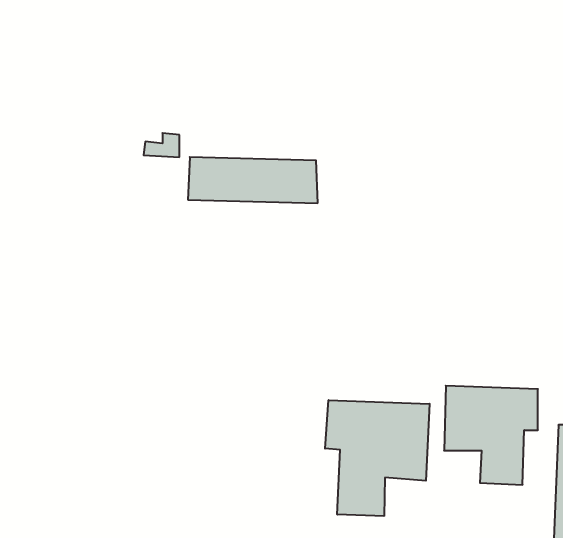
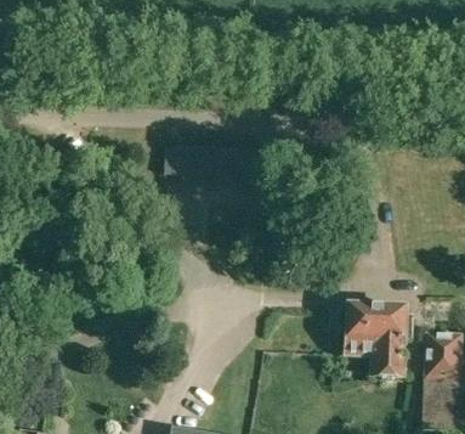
building: [325,400,430,516] -> none

